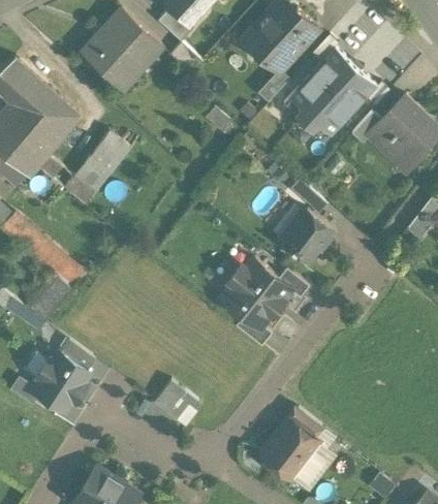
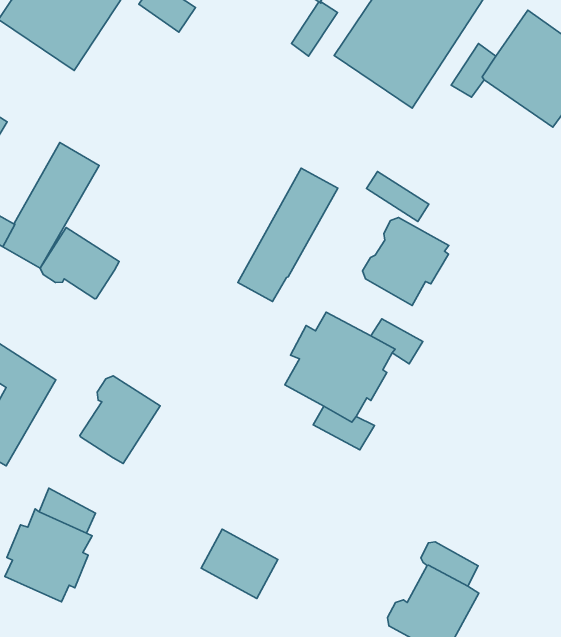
building: none -> [238,168,338,302]
building: none -> [40,228,119,299]
building: none -> [80,376,160,464]

